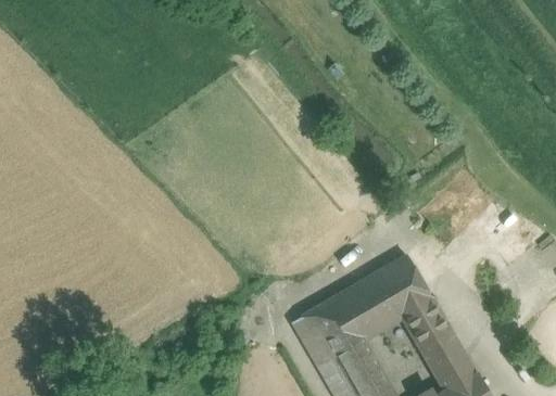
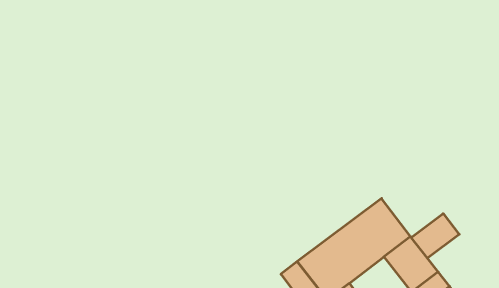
building: none -> [411,214,459,258]

